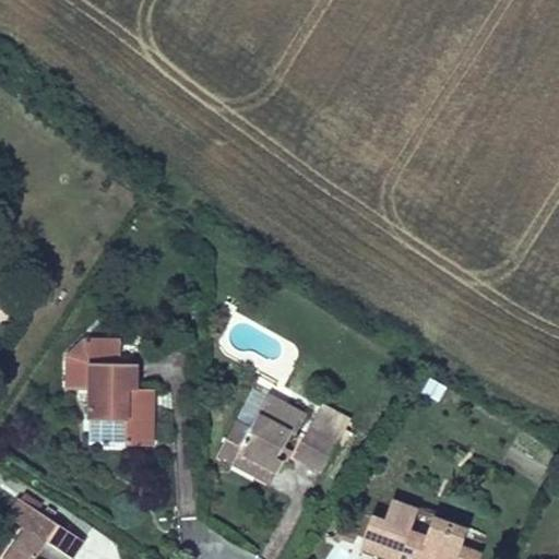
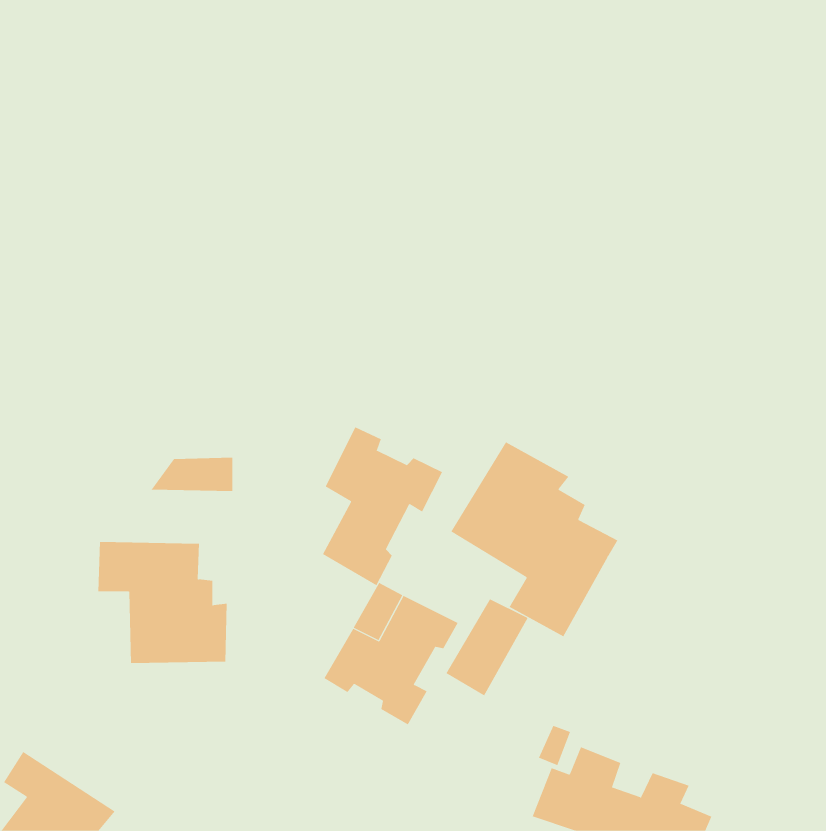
building: none -> [322,426,443,586]
building: none -> [450,442,618,637]
building: [67,342,122,365] -> [150,457,233,491]

